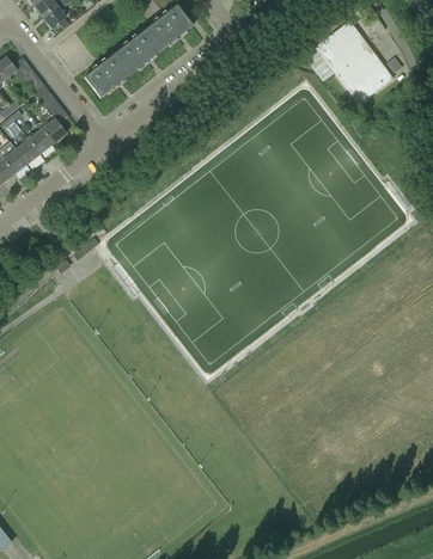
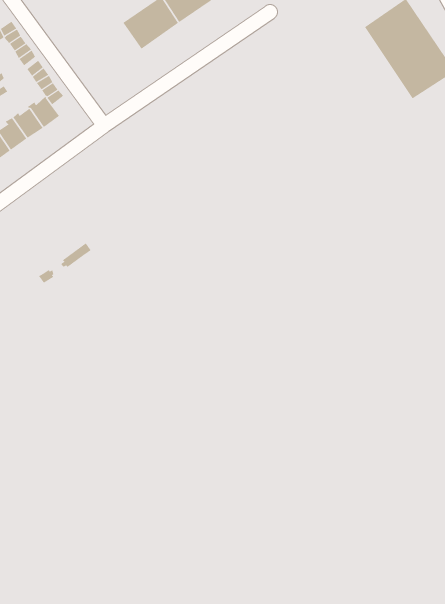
building: [84,53,130,98] -> none

